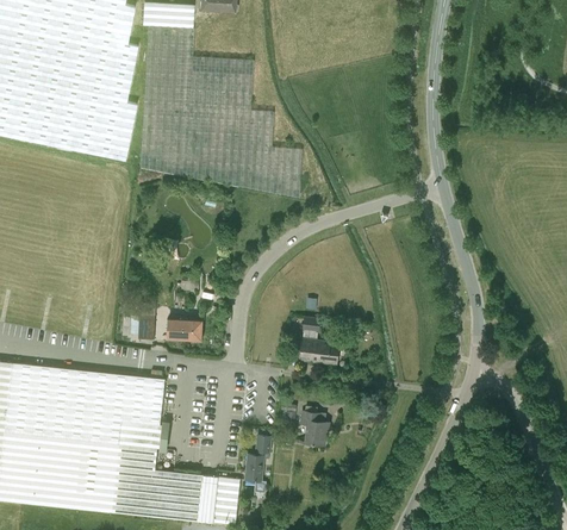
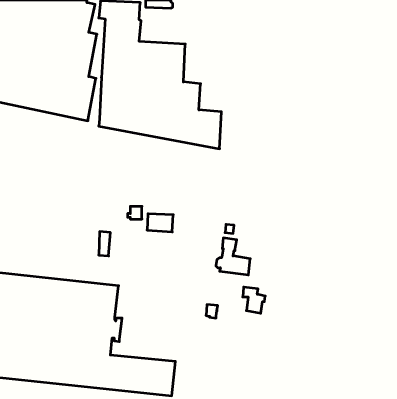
building: [167,317,201,341] -> [147,214,173,232]
building: [299,411,329,445] -> [243,287,265,313]
building: [244,435,270,481] -> none

